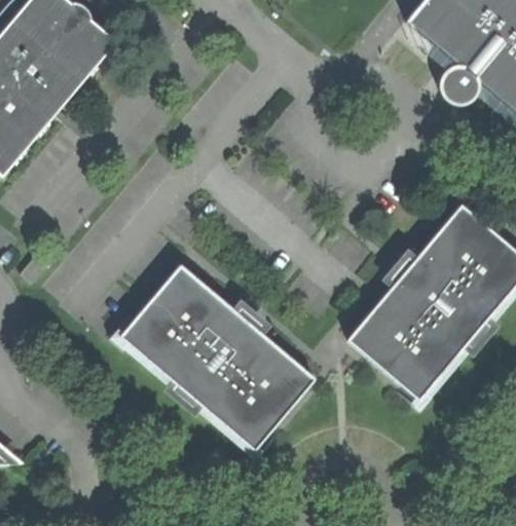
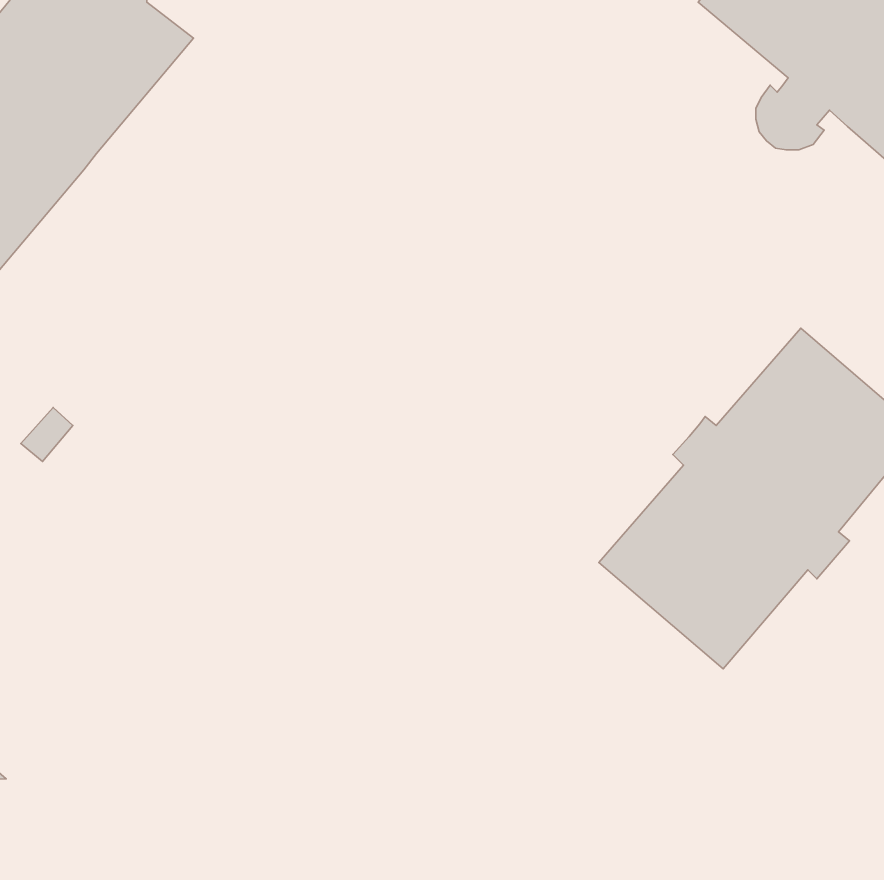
building: [120,263,316,449] -> none

